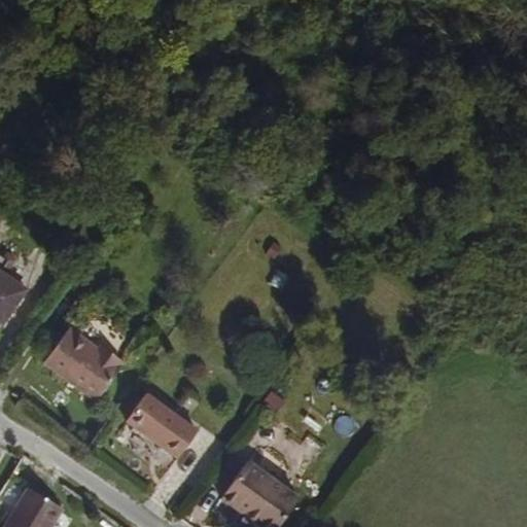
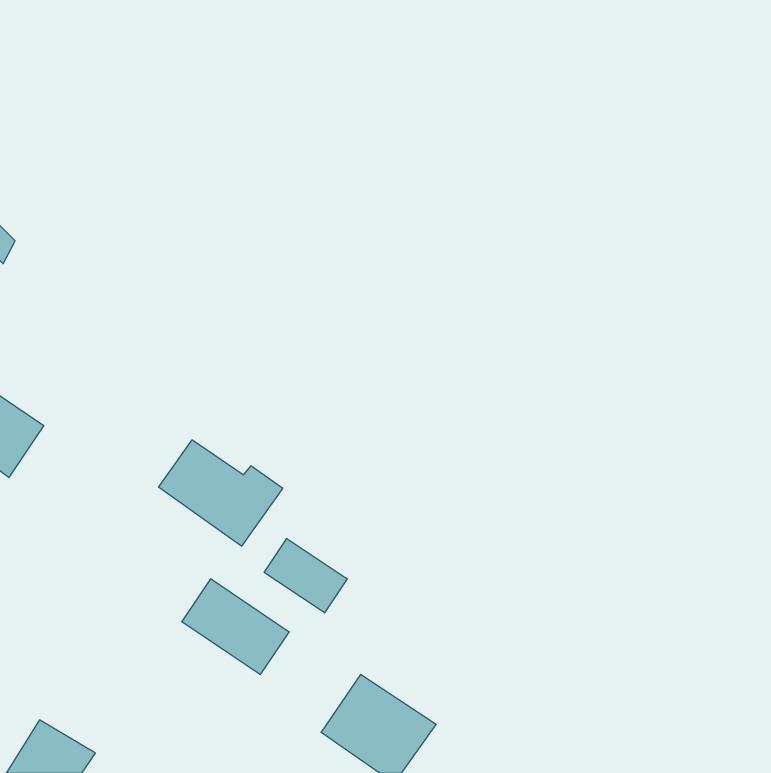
building: [41,328,126,400] -> [158,440,283,546]
building: none -> [264,538,347,613]

